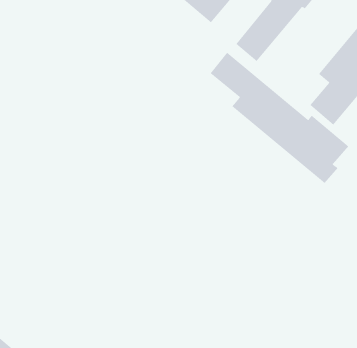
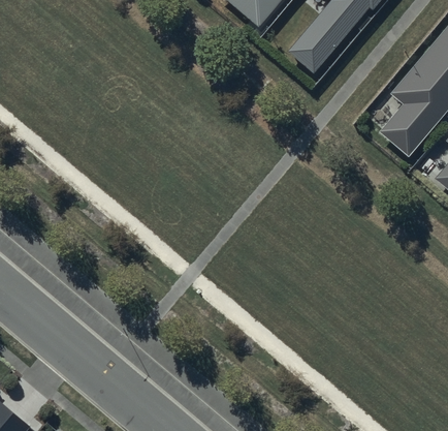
building: [210,52,349,184] -> none

